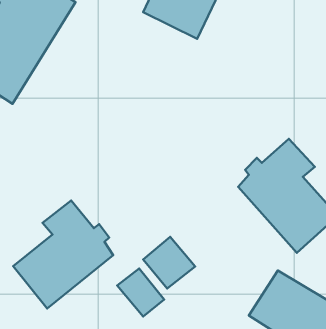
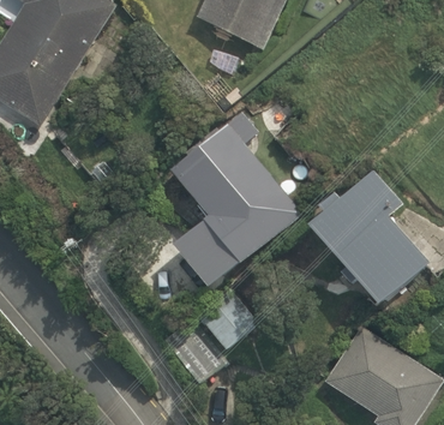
building: none -> [170,110,301,288]
building: [13,200,113,309] -> none

